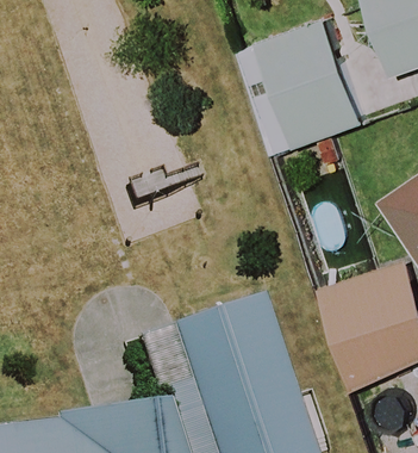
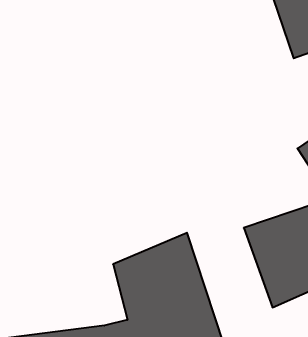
building: [258,19,356,145] -> none

